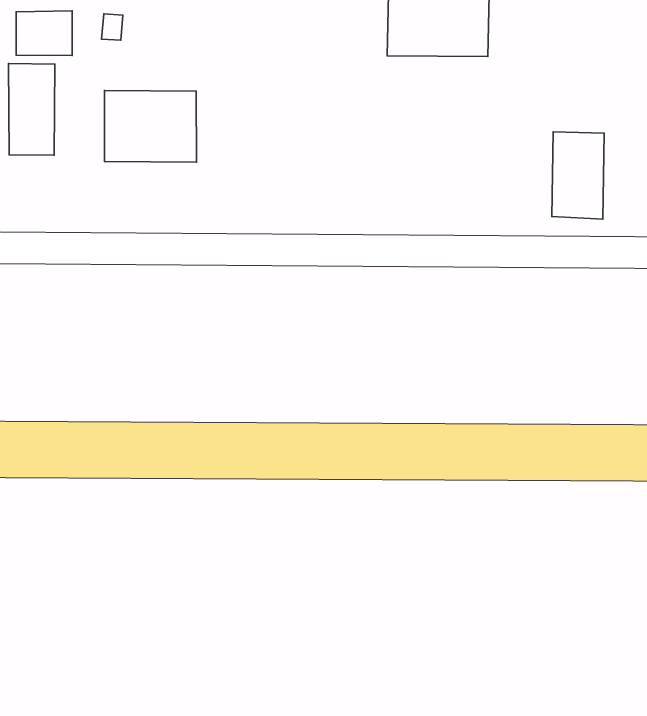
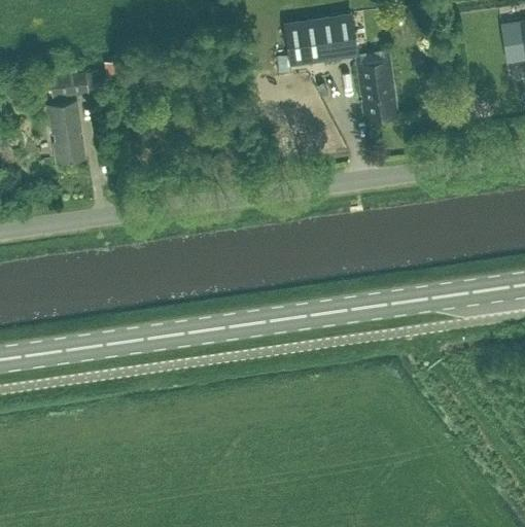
building: [104,90,197,162] -> none
building: [552,132,604,219] -> [357,61,397,119]

